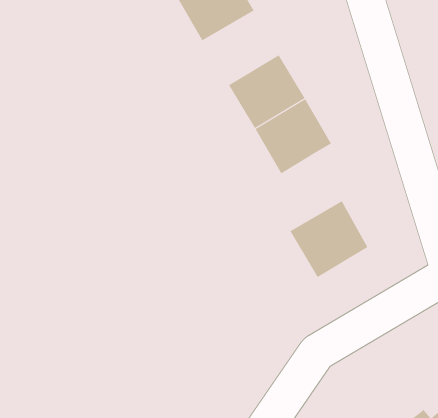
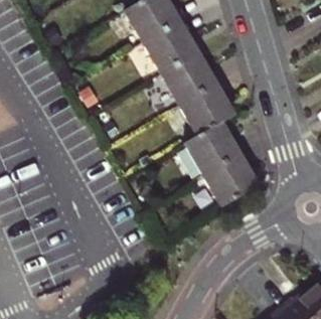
building: none -> [142,20,195,71]
building: none -> [184,119,238,172]

